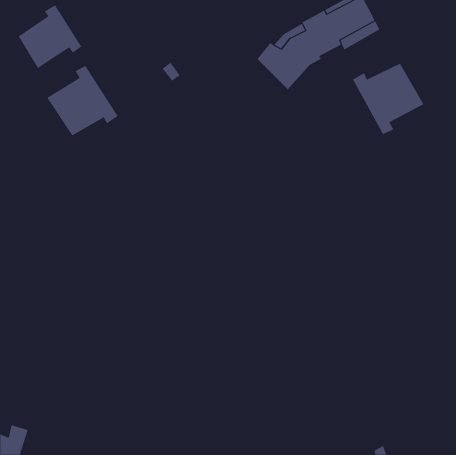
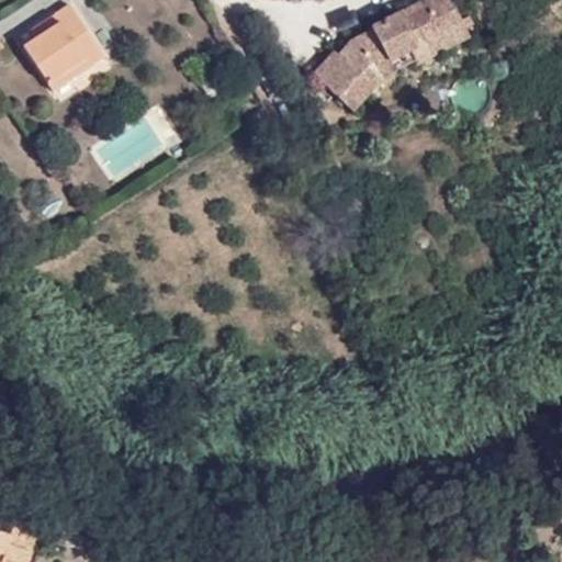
building: [352,63,424,135] -> none
building: [47,65,118,136] -> none

